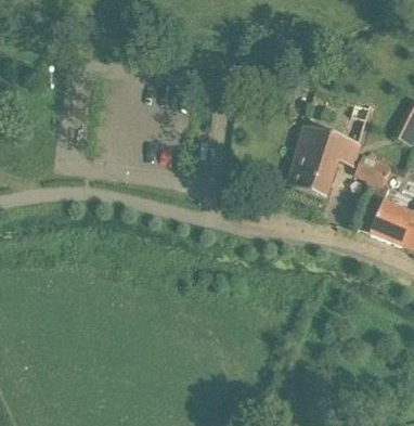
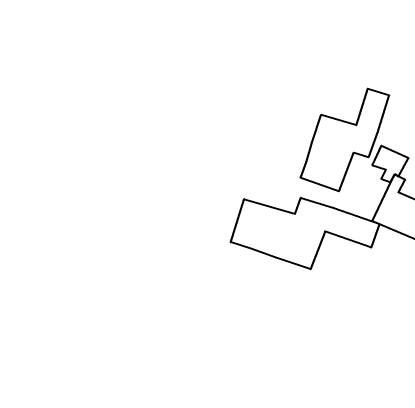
building: none -> [231,198,379,269]

